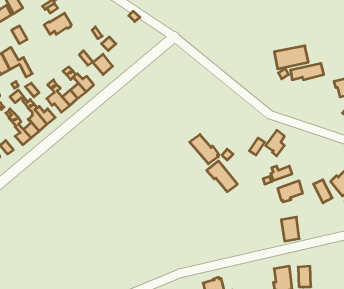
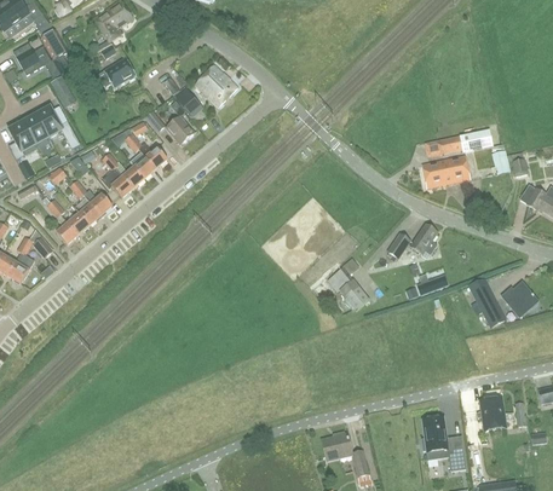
building: none -> [195,63,236,105]
building: [274,46,308,69] -> [421,155,470,187]
building: [190,134,219,164] -> none
building: [278,181,302,202] -> none
building: [281,217,299,241] -> [479,397,505,431]

